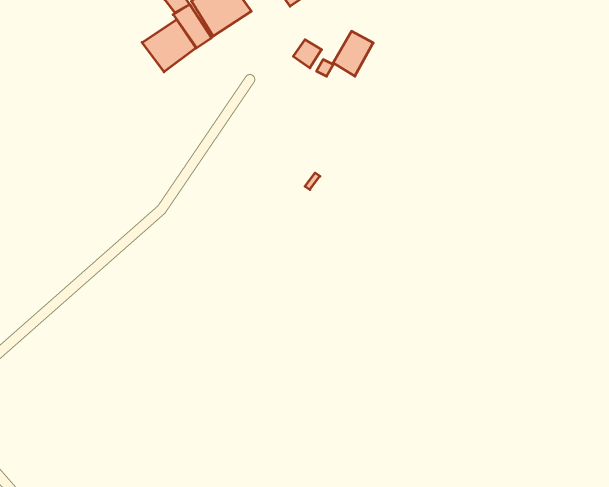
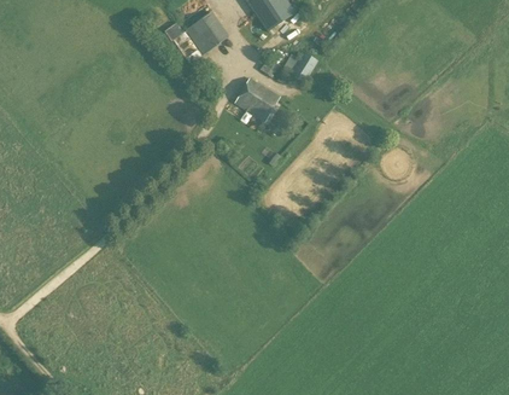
building: [142,19,196,72] -> none
building: none -> [236,76,281,120]

